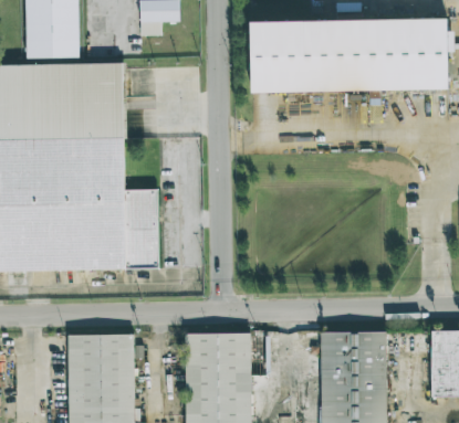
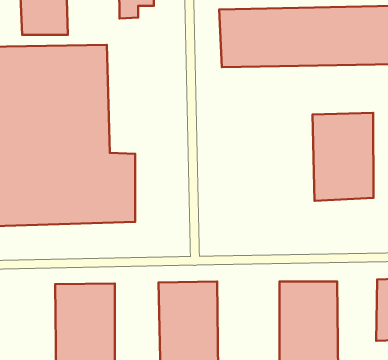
building: none -> [312,113,374,201]

